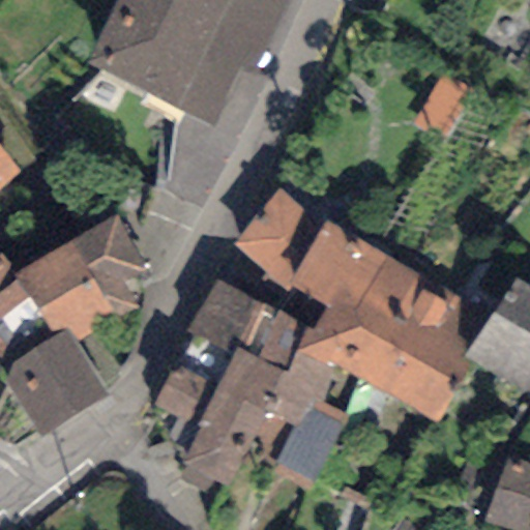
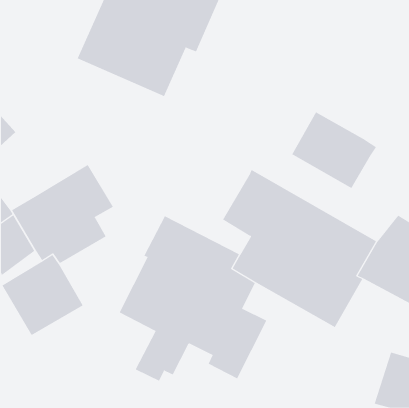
building: none -> [291,112,377,189]
building: [234,187,323,291] -> none

